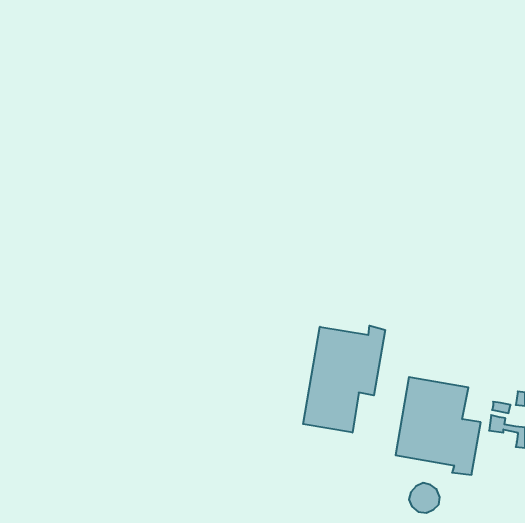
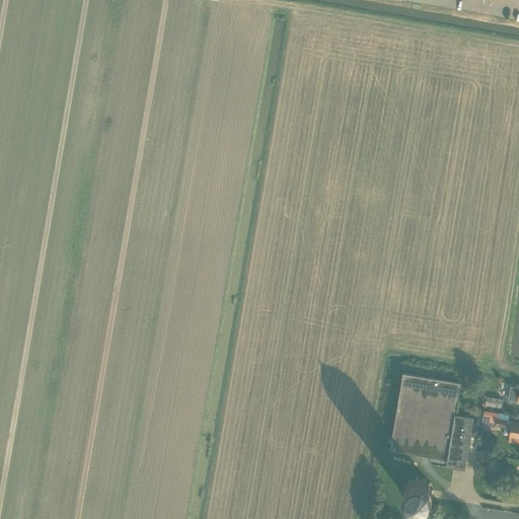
building: [303,326,385,433] -> none

